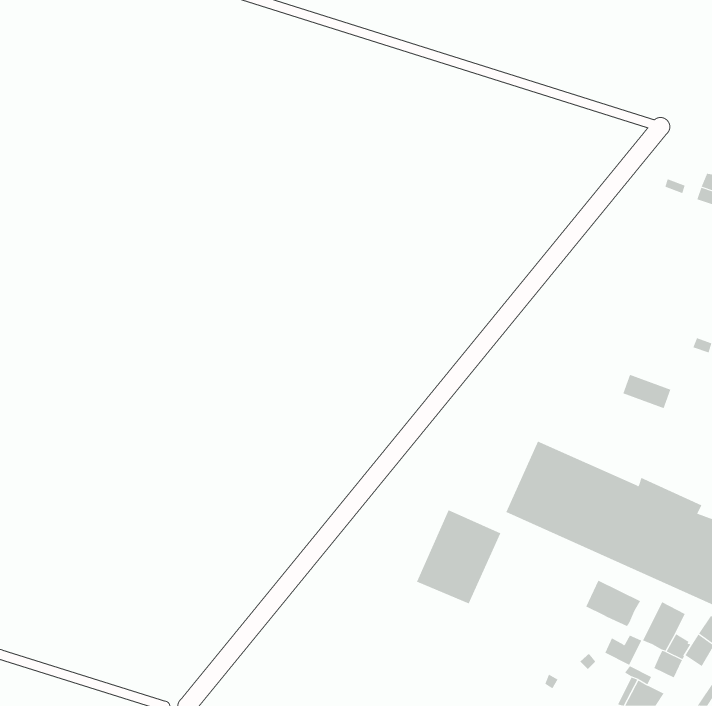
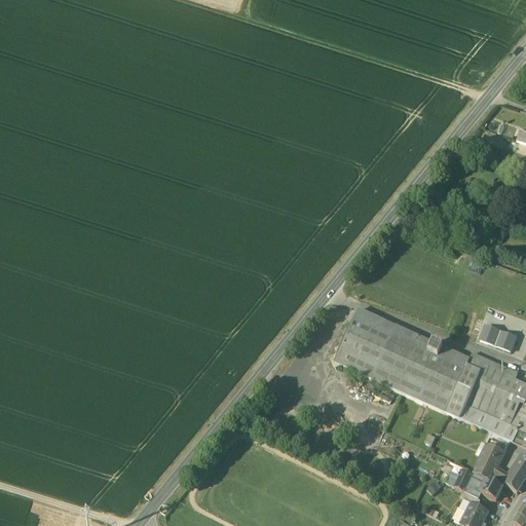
building: [622,374,671,409] -> [481,325,517,350]
building: [416,509,501,604] -> [334,307,397,377]
building: [586,580,641,627] -> none

